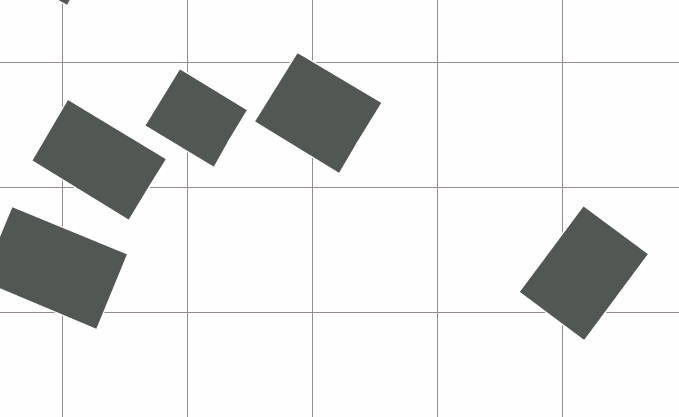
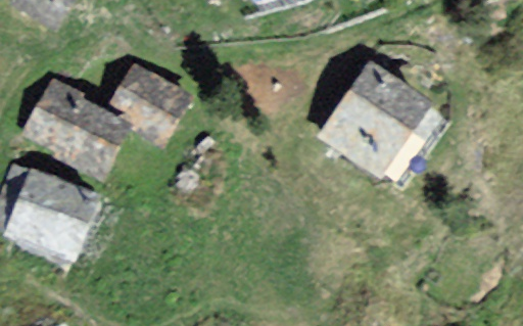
building: [254,52,382,174] -> none
building: [519,205,649,341] -> [326,72,421,171]

